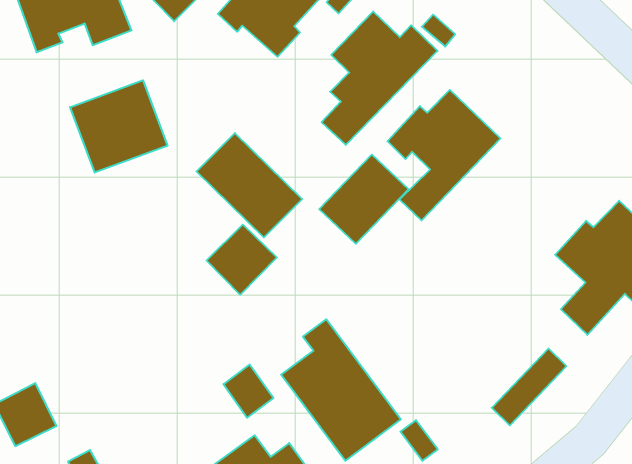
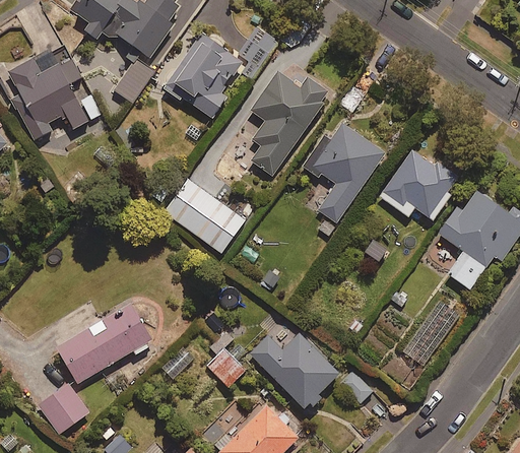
building: [70,80,168,173] -> none
building: none -> [379,147,456,220]
building: [319,155,408,244] -> none
building: [207,225,277,295] -> none
building: none -> [55,309,151,383]

